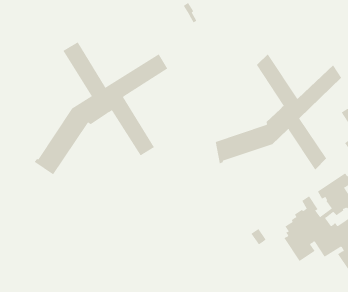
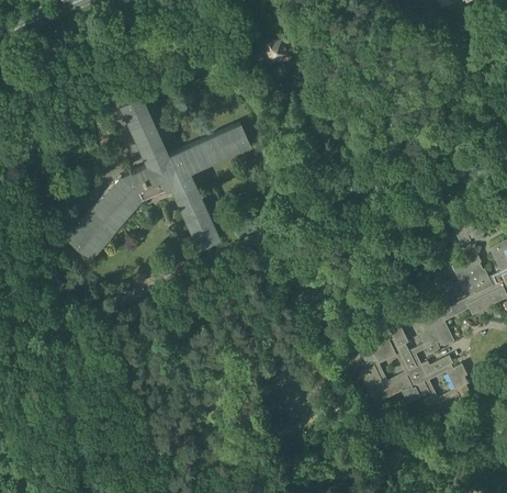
building: [215,54,342,171] -> none

